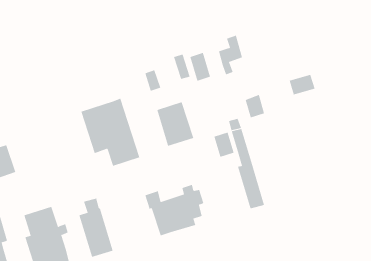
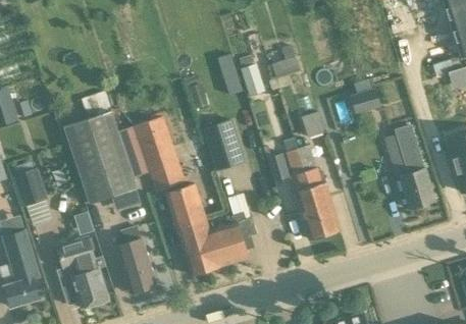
building: none -> [63,91,138,204]
building: none -> [395,125,435,208]
building: none -> [310,182,341,234]
building: none -> [166,183,208,274]

